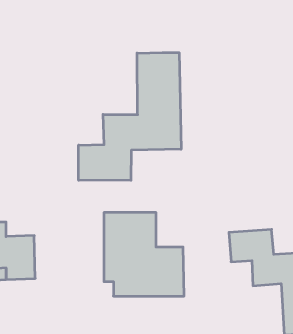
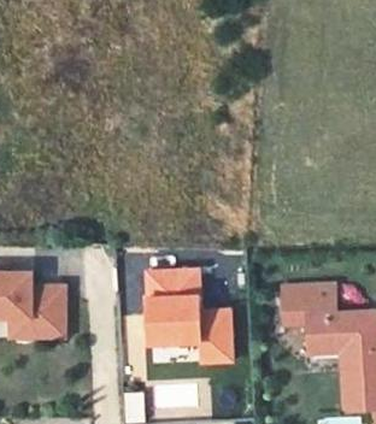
building: [79,53,181,180] -> none

